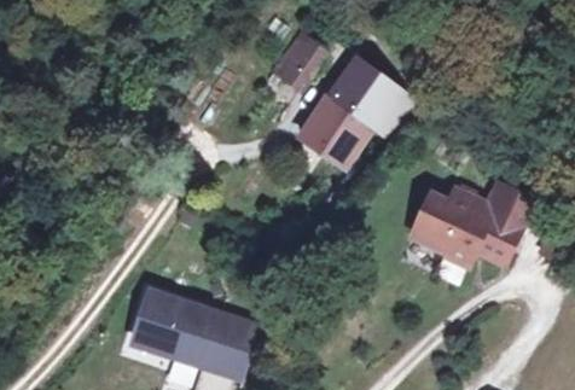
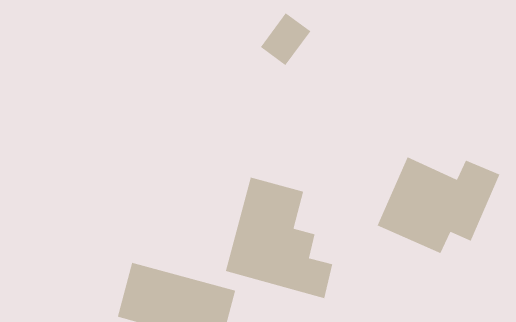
building: [304,42,419,163] -> none
building: none -> [225,177,333,299]

